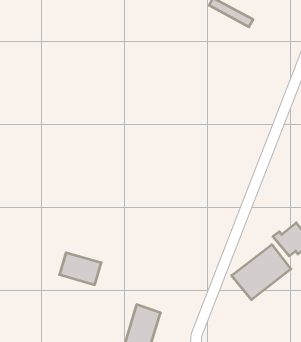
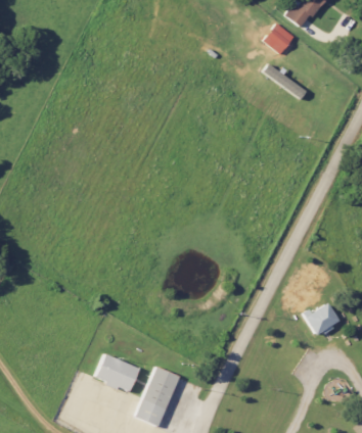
building: [232,245,291,300] -> none
building: [59,253,101,285] -> [95,355,139,391]

